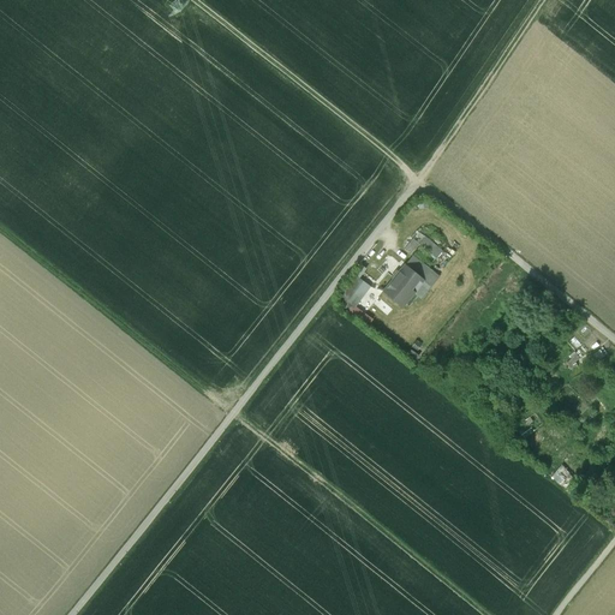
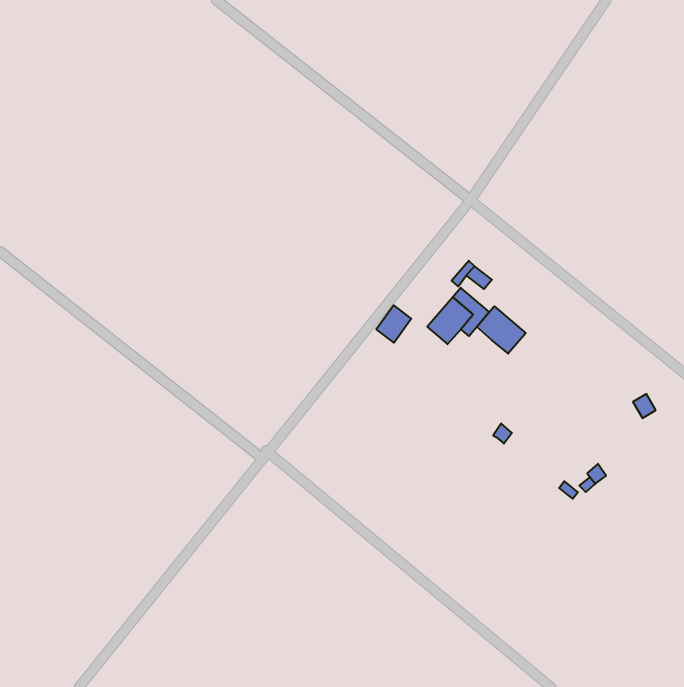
building: none -> [477,306,526,354]

